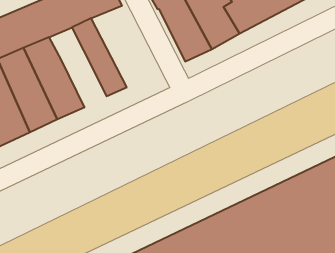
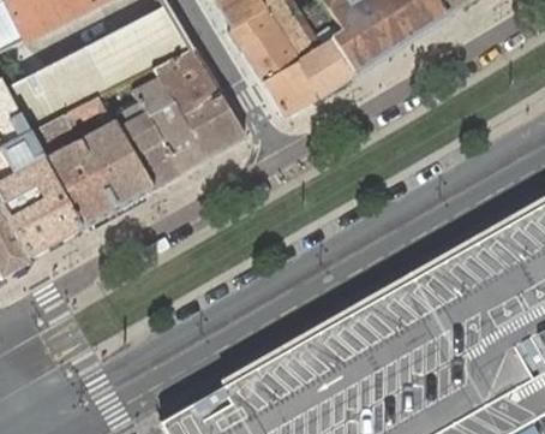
building: none -> [151,47,246,157]
building: none -> [115,112,180,189]

